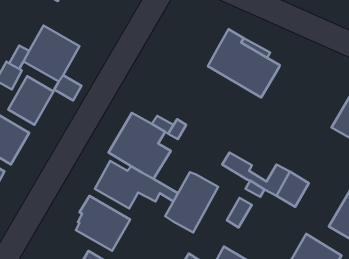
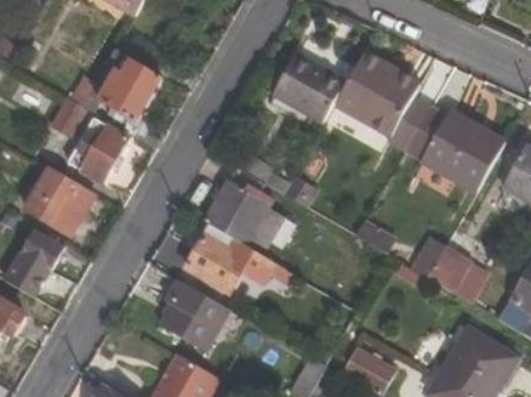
building: none -> [272,52,347,124]
building: none -> [402,104,503,192]
building: [165,172,218,232] -> none

